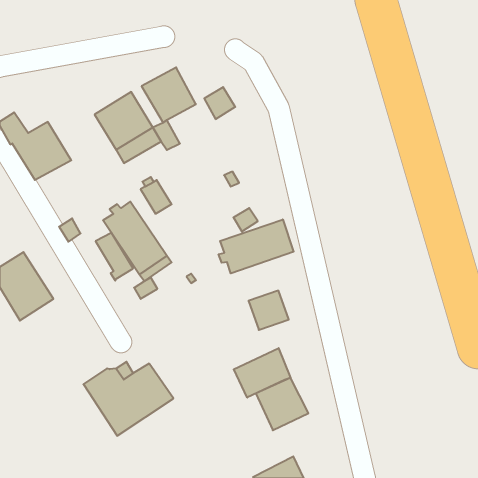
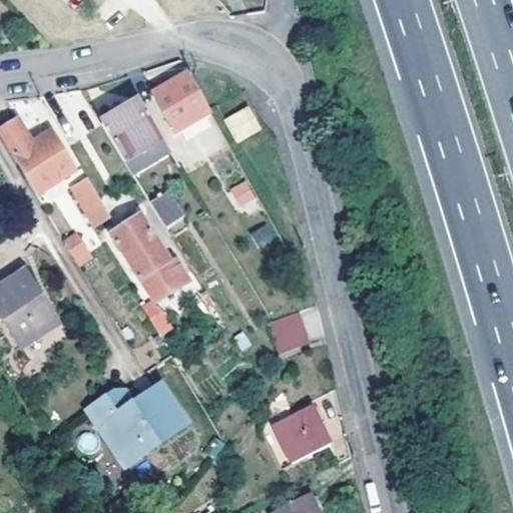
building: [219,219,294,273] -> none
building: [96,233,133,281] -> [71,177,111,228]
building: [234,348,290,398] -> none

